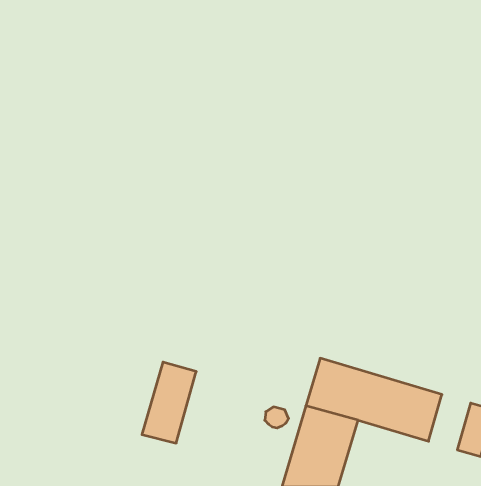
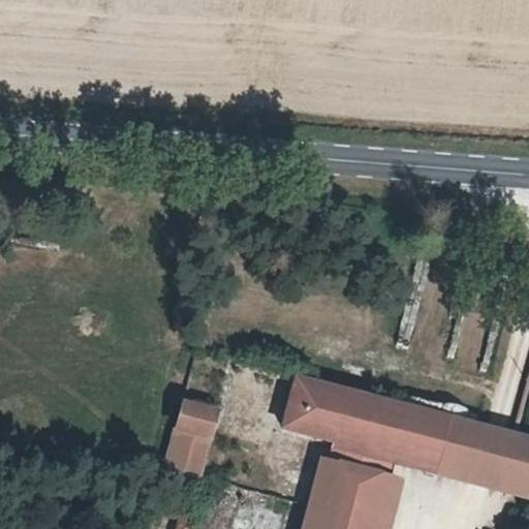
building: none -> [287,375,353,441]
building: none -> [471,429,517,489]

